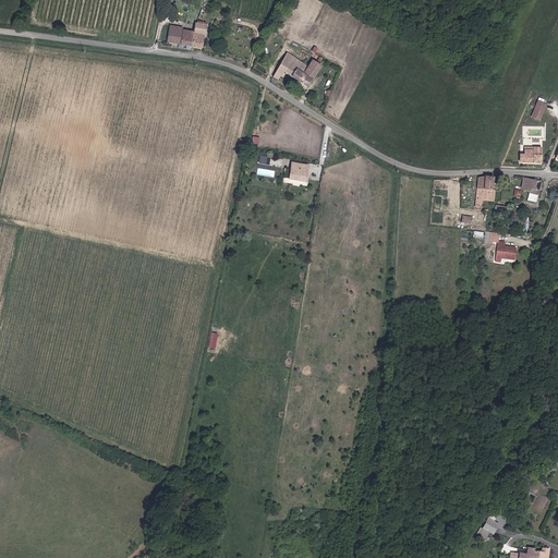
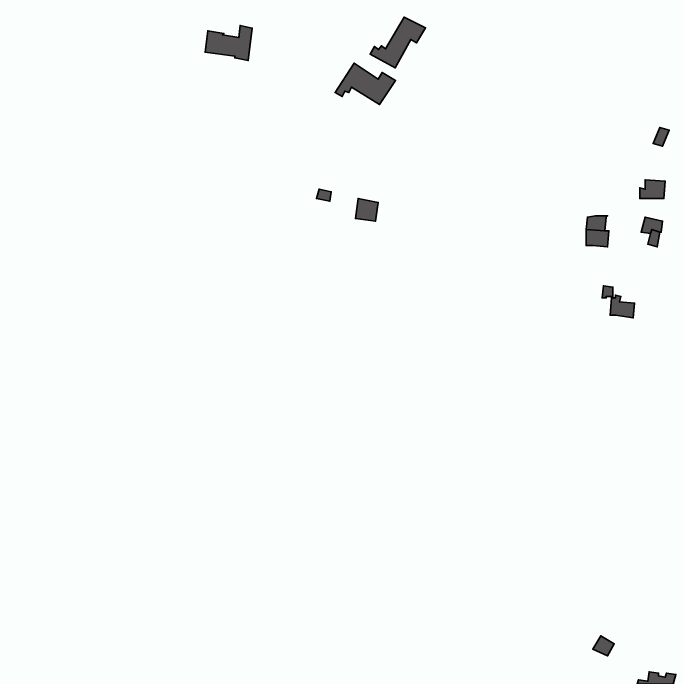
building: none -> [370,17,425,68]

